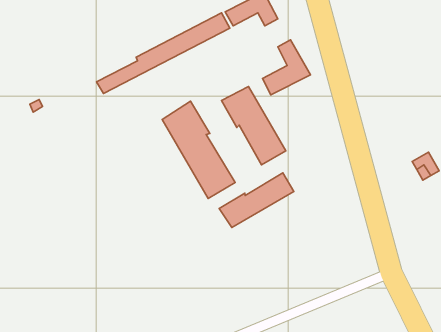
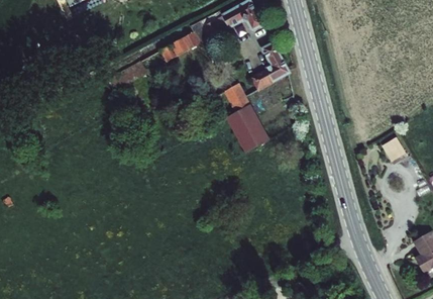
building: [162,101,235,199] -> none
building: [219,173,294,228] -> none

